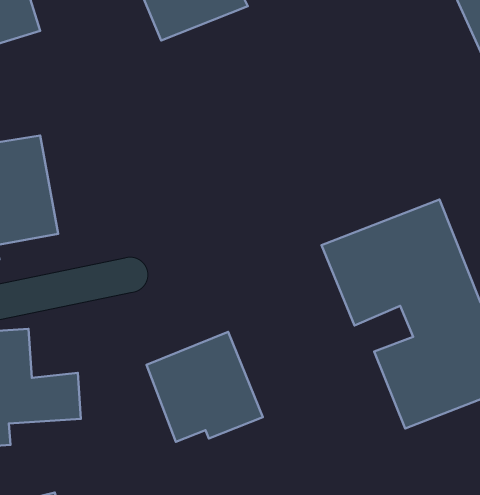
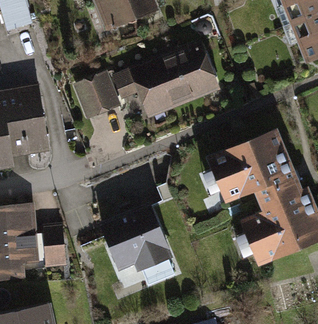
building: none -> [88,36,221,113]

